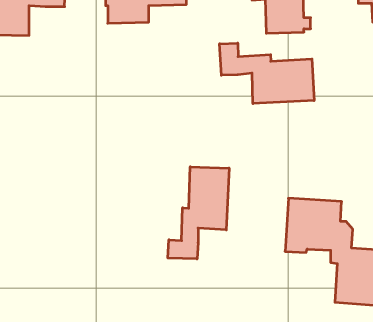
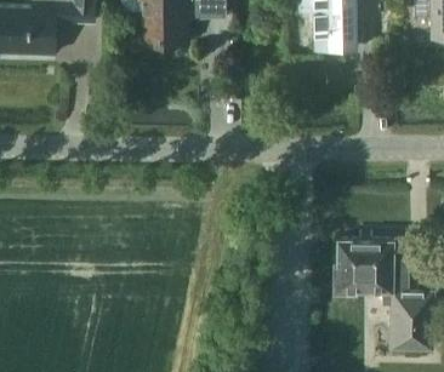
building: [220,43,314,104] -> none
building: [168,167,229,259] -> none

